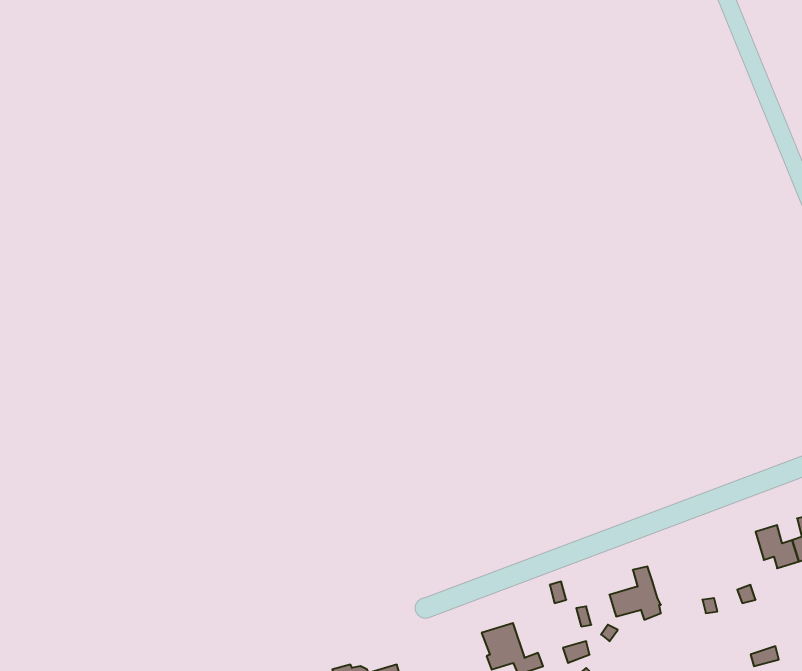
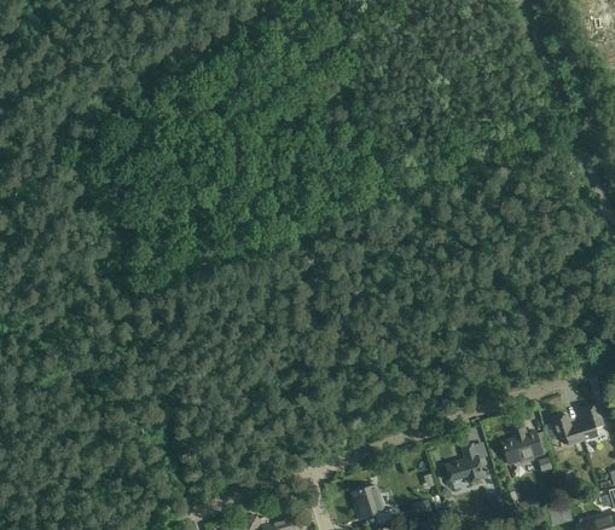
building: none -> [504,427,544,465]

